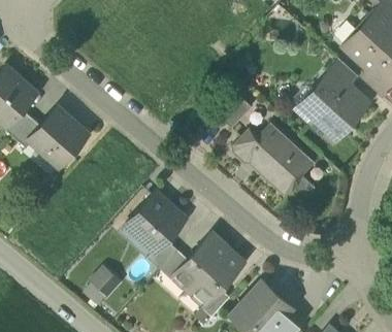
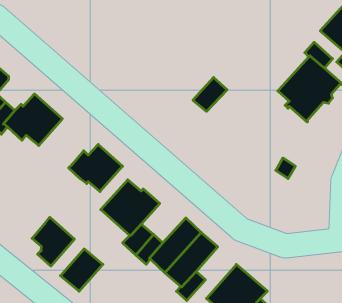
building: [232,122,314,193] -> none
building: none -> [69,144,123,192]
building: none -> [32,217,74,266]

